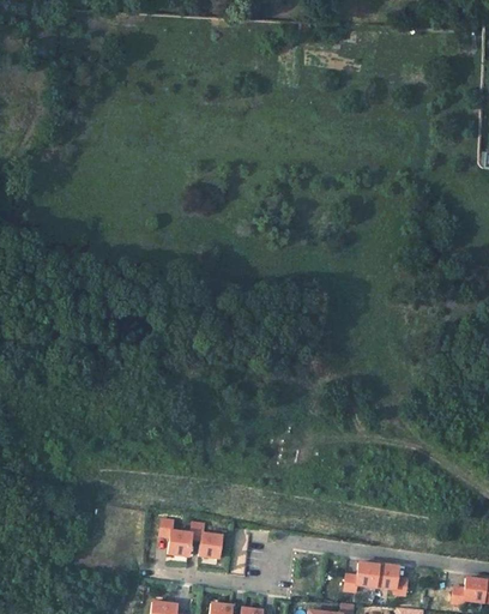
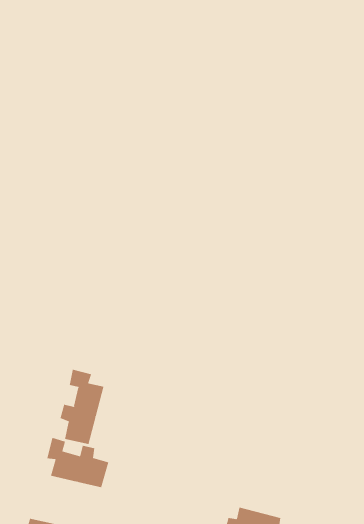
building: none -> [60,369,104,445]

